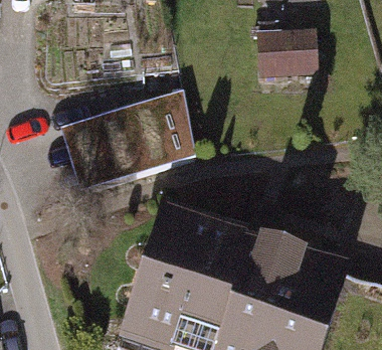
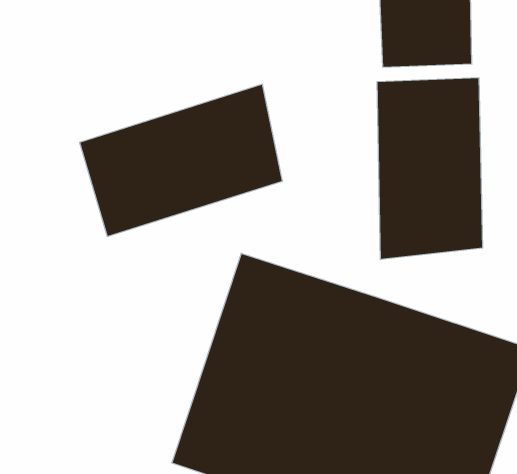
building: none -> [377,78,483,260]

